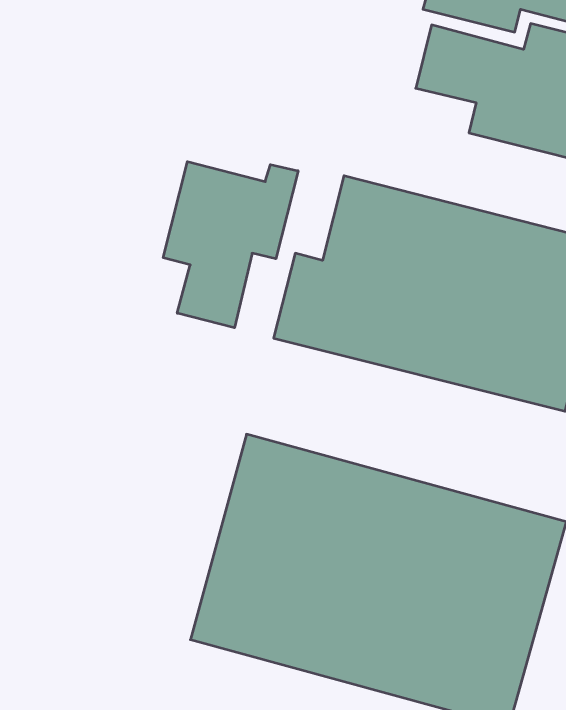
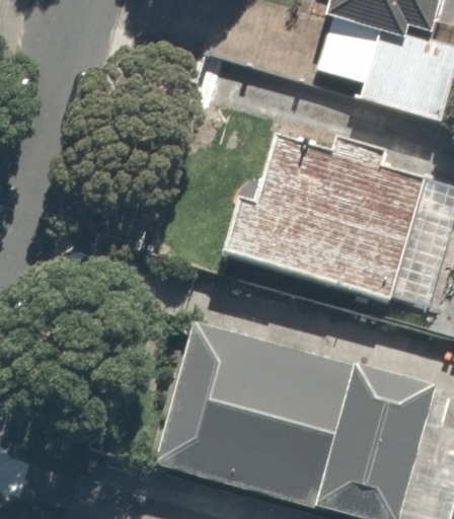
building: [163,162,298,328] -> none

